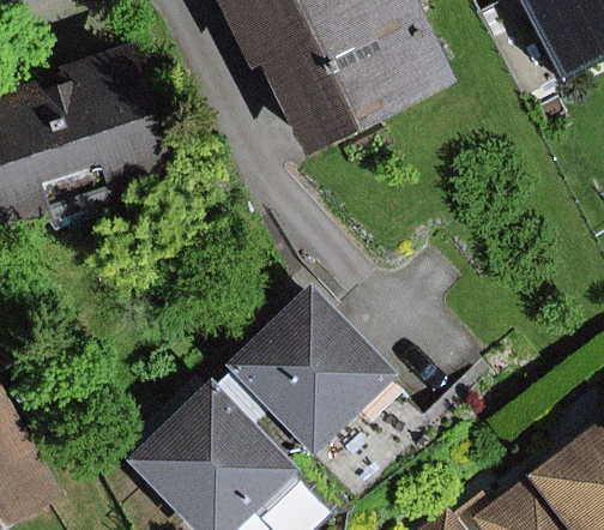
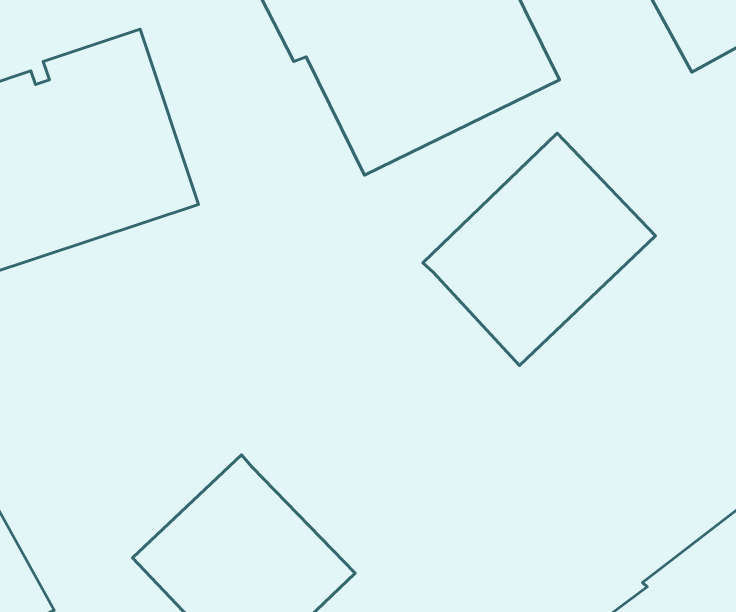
building: none -> [423,133,655,365]
building: [217,284,403,468] -> none

